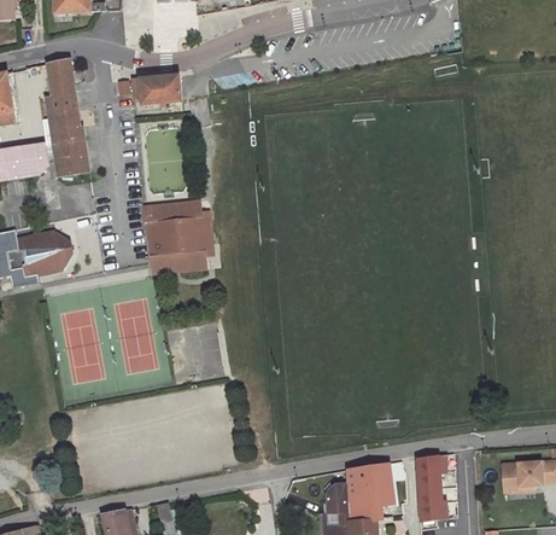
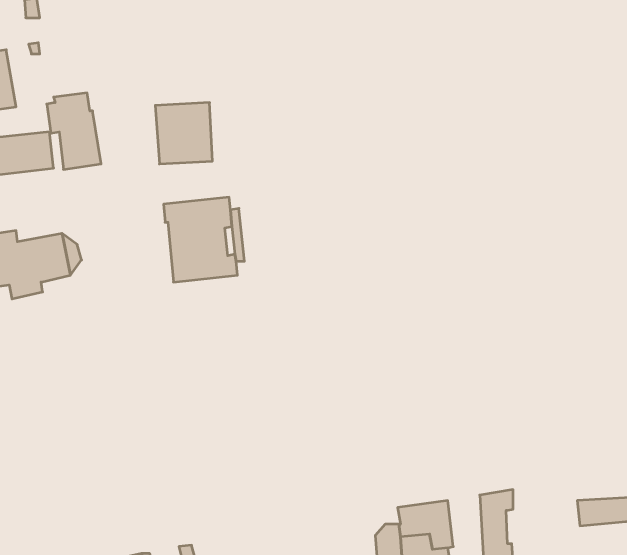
building: [45,59,76,114] -> none
building: [130,75,180,105] -> none
building: [55,182,90,216] -> none

